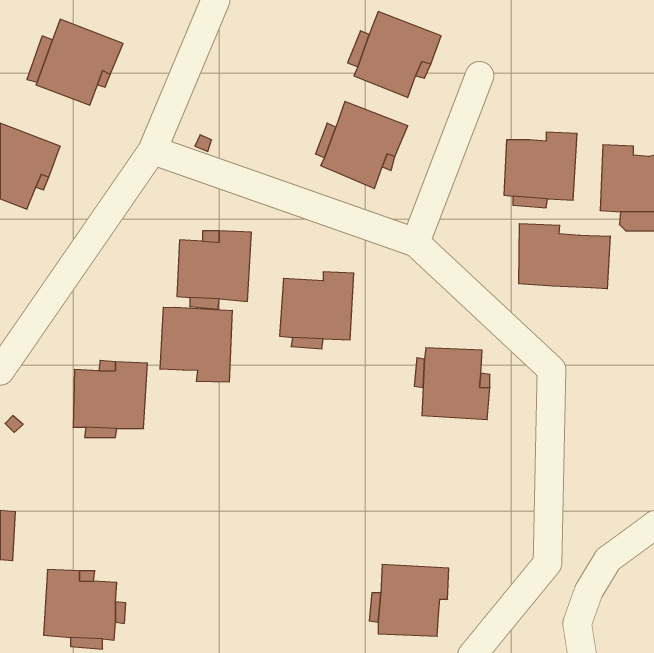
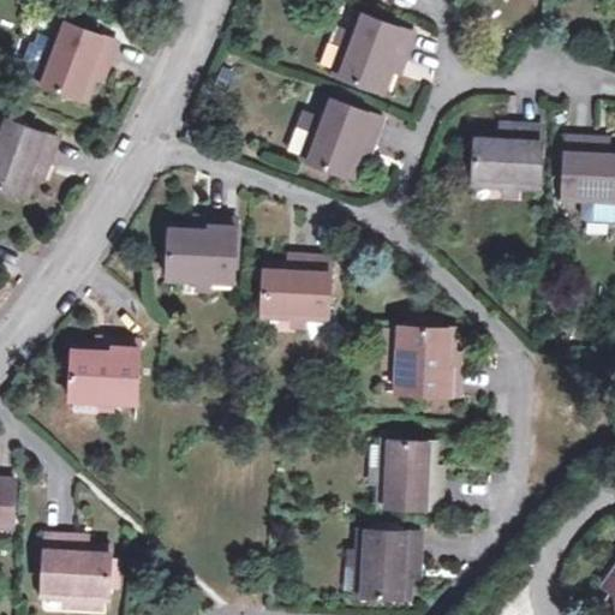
building: [519,224,610,289] -> none
building: [160,307,232,382] -> none
building: none -> [378,440,442,509]

